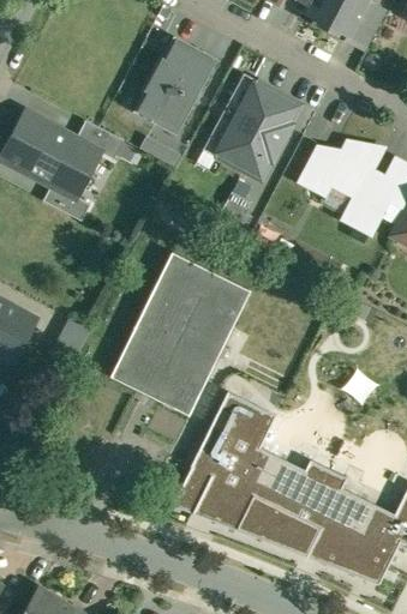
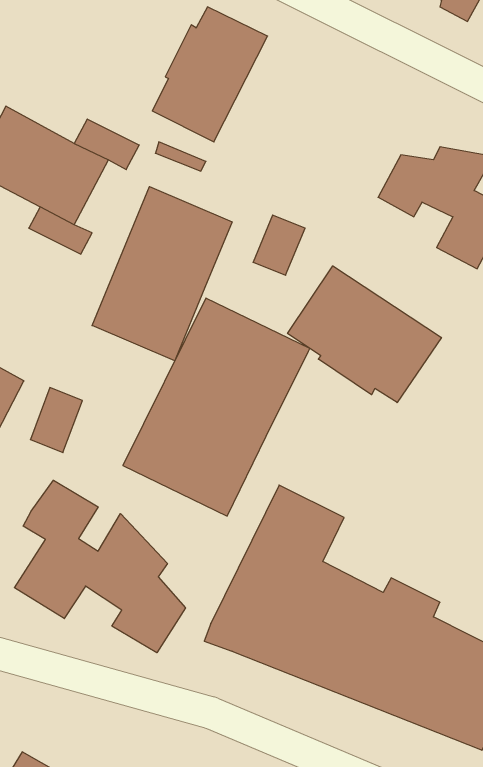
building: [214,77,307,182] -> none
building: none -> [92,187,232,361]
building: none -> [288,266,441,403]
building: none -> [14,480,185,653]

